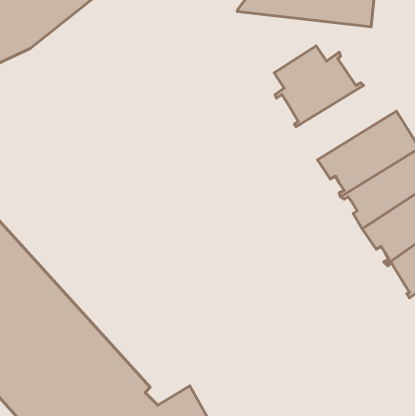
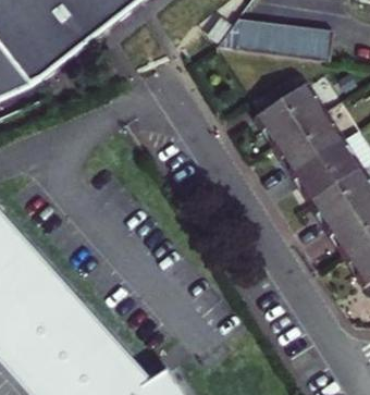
building: none -> [271,110,342,173]

